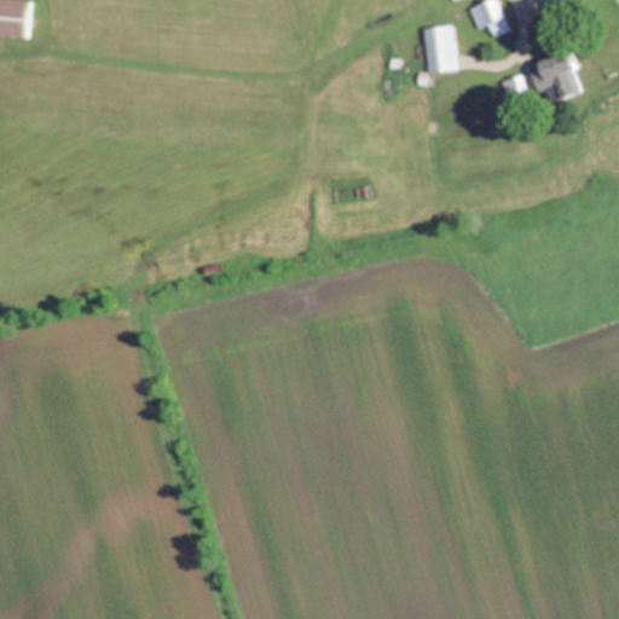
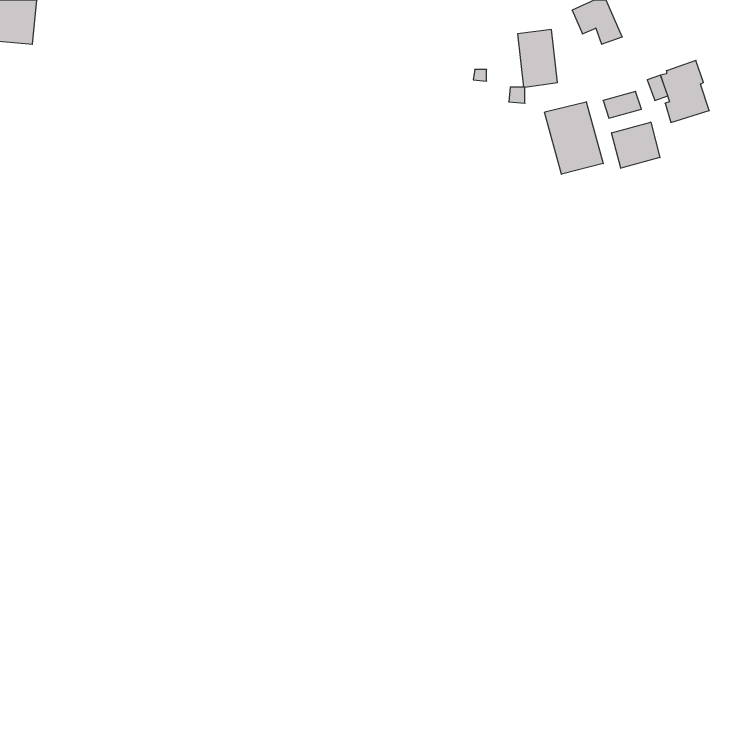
building: none -> [545,102,603,174]
building: none -> [612,122,660,168]

